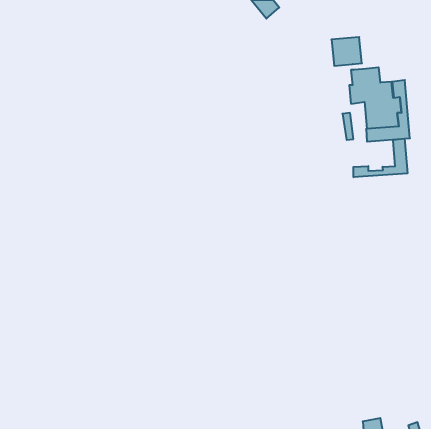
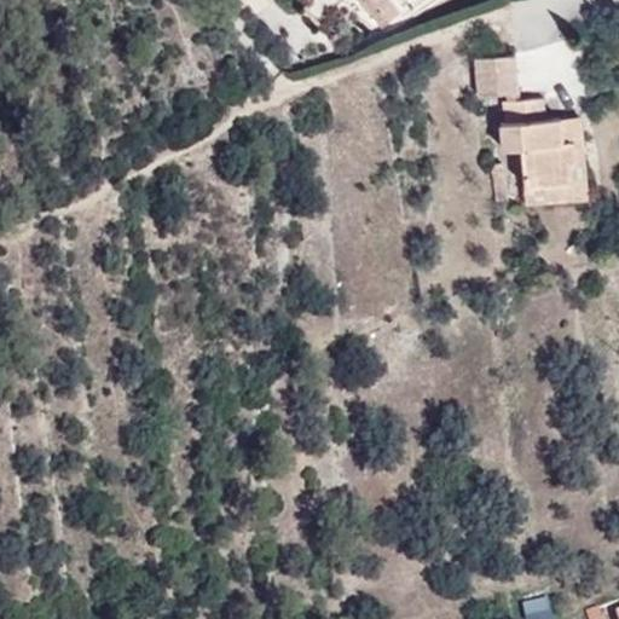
building: [353,139,407,177] -> none

